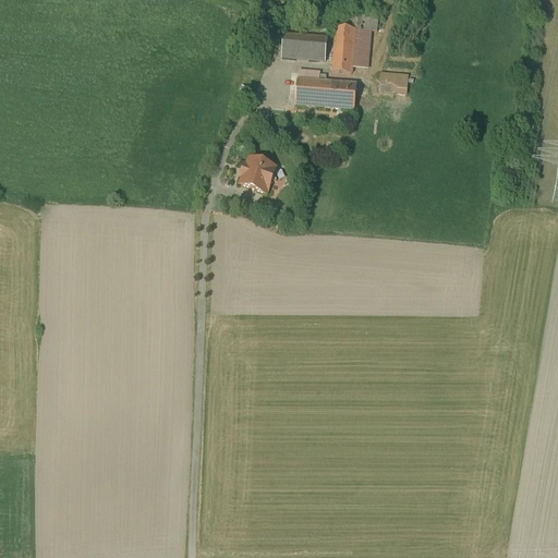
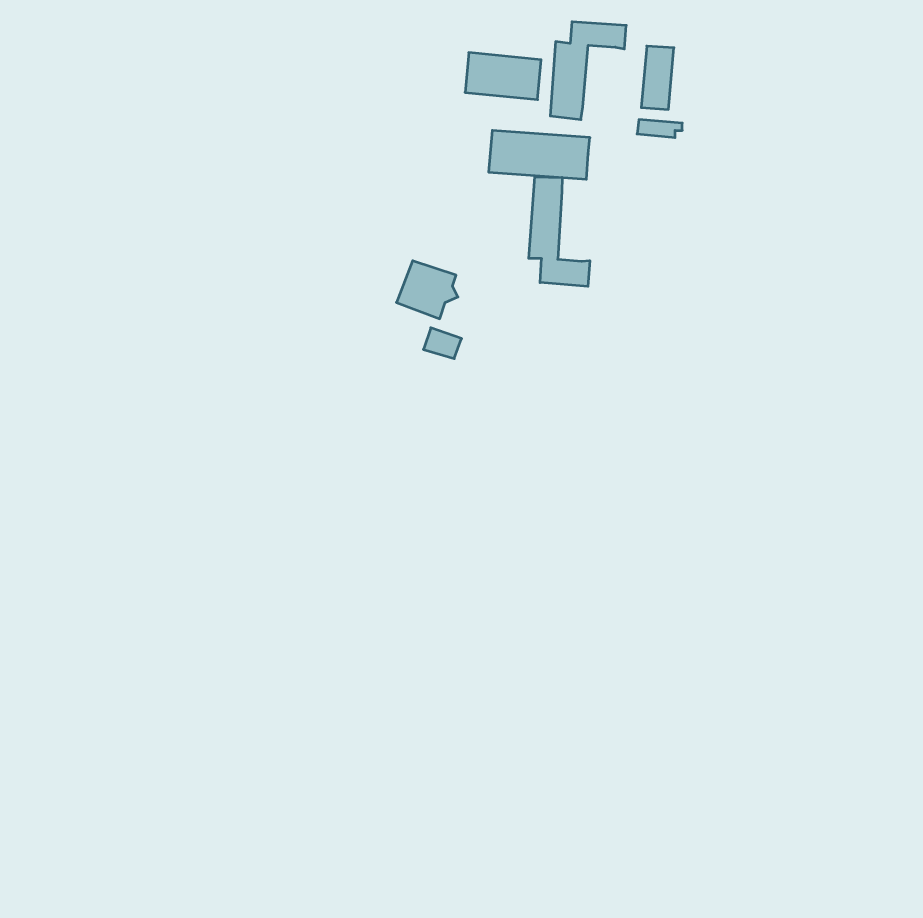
building: [351,27,371,65] -> [641,46,674,109]
building: none -> [529,177,590,286]

